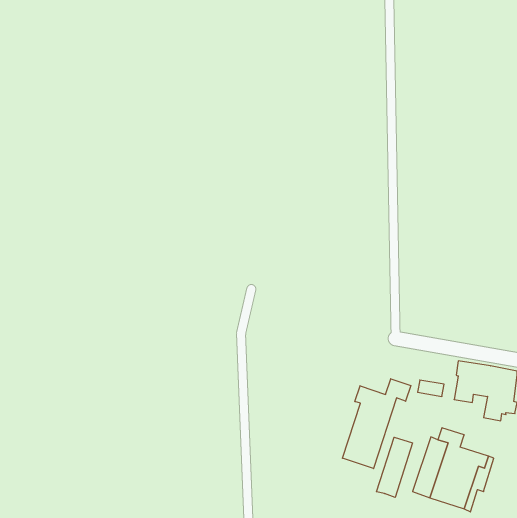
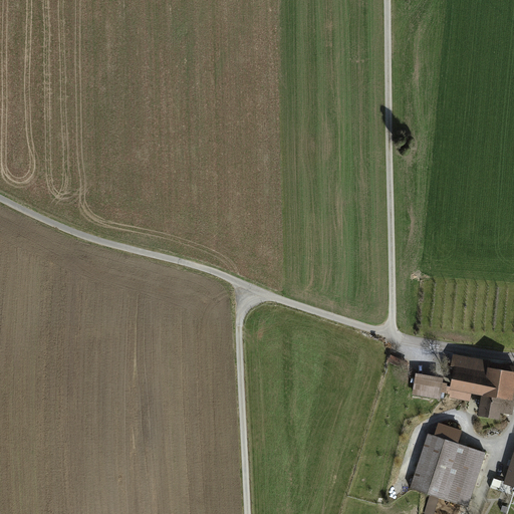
building: [342,379,411,469] -> none
building: [376,437,413,497] -> none

